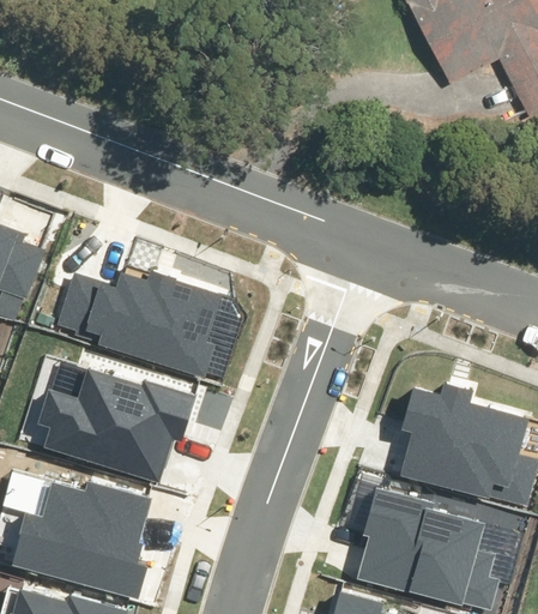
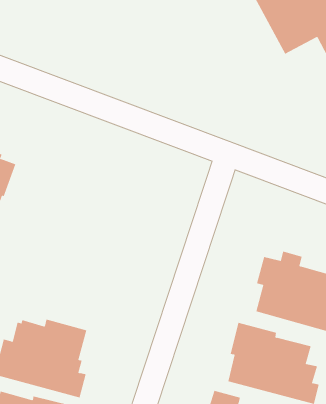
building: [56,269,223,378] -> none
building: [38,367,197,481] -> none

